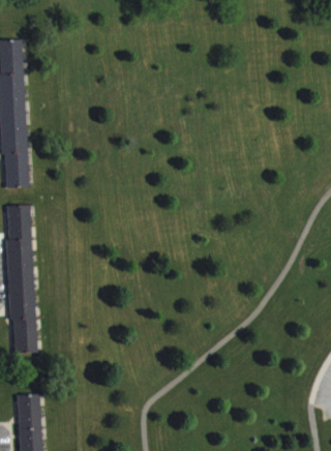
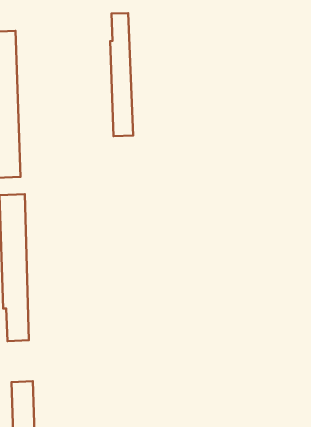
building: none -> [110,13,133,136]

